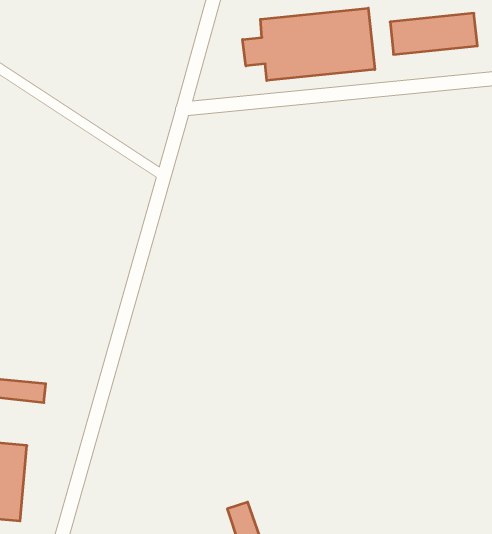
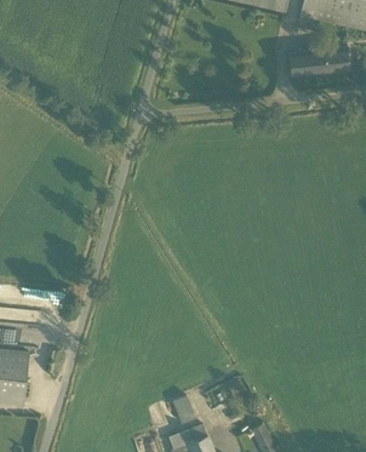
building: [243,8,375,81] -> none

